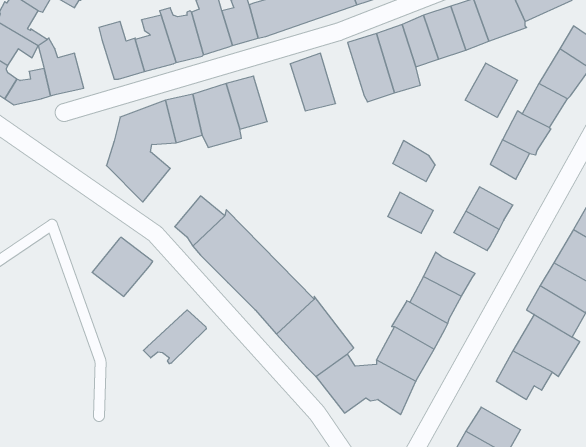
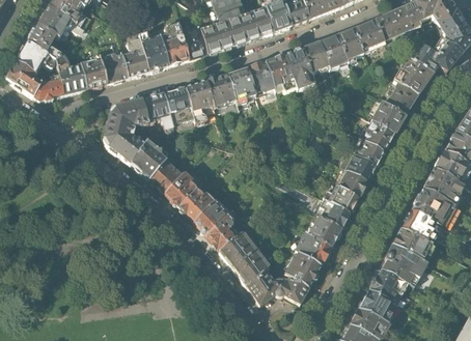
building: none -> [80,53,108,86]
building: none -> [249,55,279,96]
building: [465,63,518,117] -> none
building: none -> [203,69,239,109]
building: [393,141,435,182] -> [358,138,387,166]
building: [388,192,433,233] -> [332,184,363,212]
building: [92,237,153,296] -> [128,140,169,180]
building: [143,310,206,364] -> none
building: none -> [359,286,396,319]

